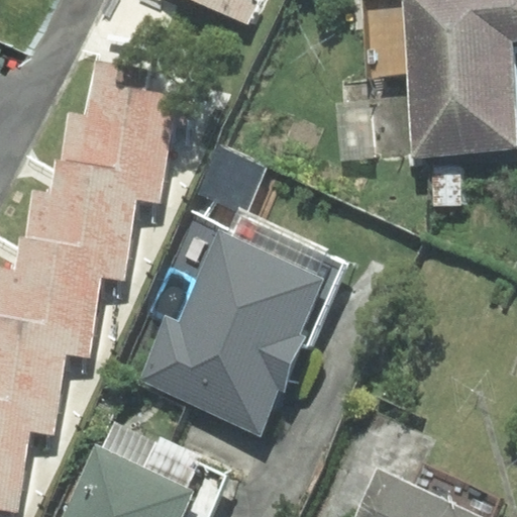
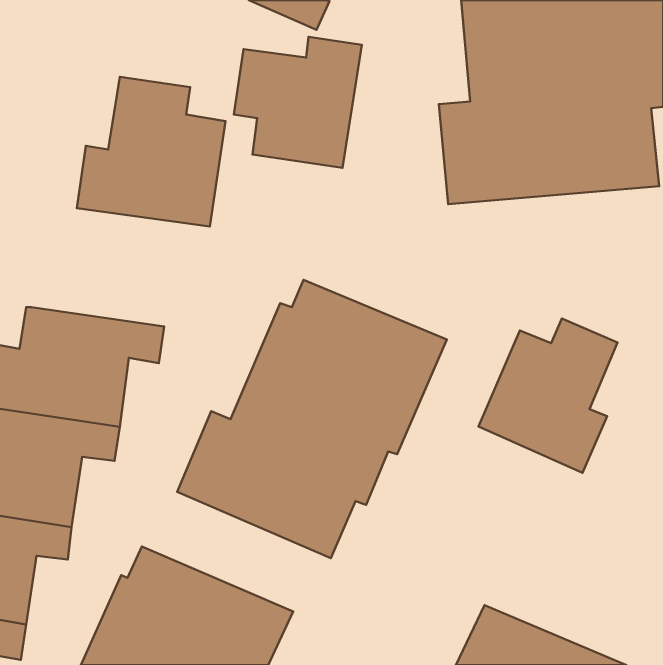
building: none -> [234,37,362,168]
building: [24,161,163,253] -> none
building: none -> [478,318,617,473]

